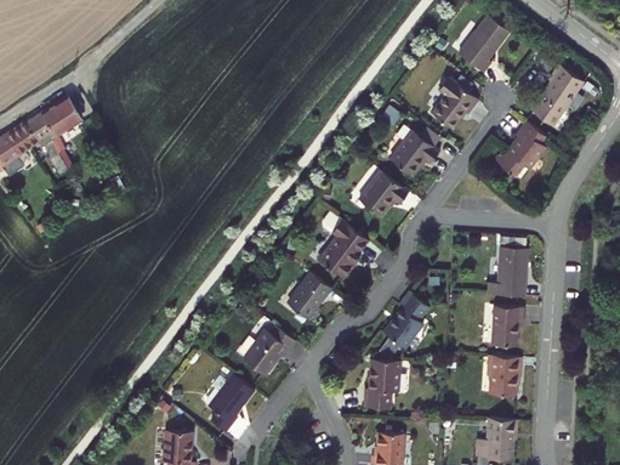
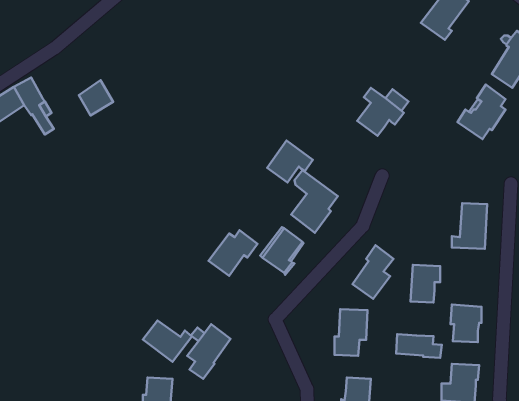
building: [430,76,477,129] -> none
building: [41,97,78,135] -> [79,80,113,116]
building: [358,171,406,216] -> [267,140,313,183]
building: [493,305,524,345] -> [411,265,440,303]
building: [241,327,294,375] -> [209,230,258,276]
building: none -> [143,320,192,362]
building: none -> [396,334,442,358]

